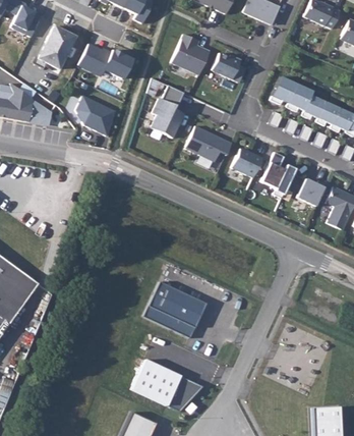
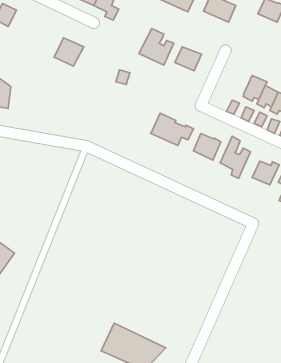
building: [39,28,74,68] -> none
building: [104,49,133,77] -> none
building: [272,77,298,105] -> none
building: [152,86,185,139] -> none
building: [77,96,119,135] -> none
building: [28,97,53,124] -> none
building: [144,280,206,336] -> none

